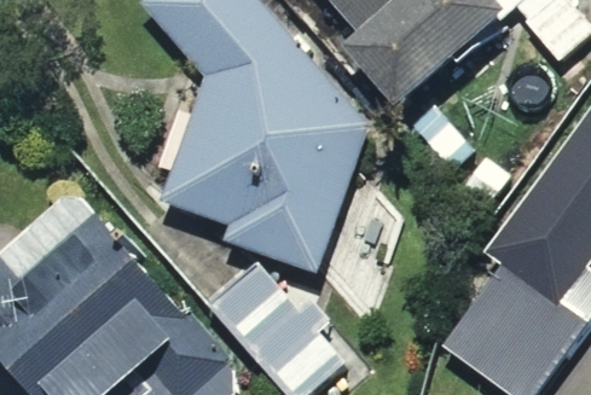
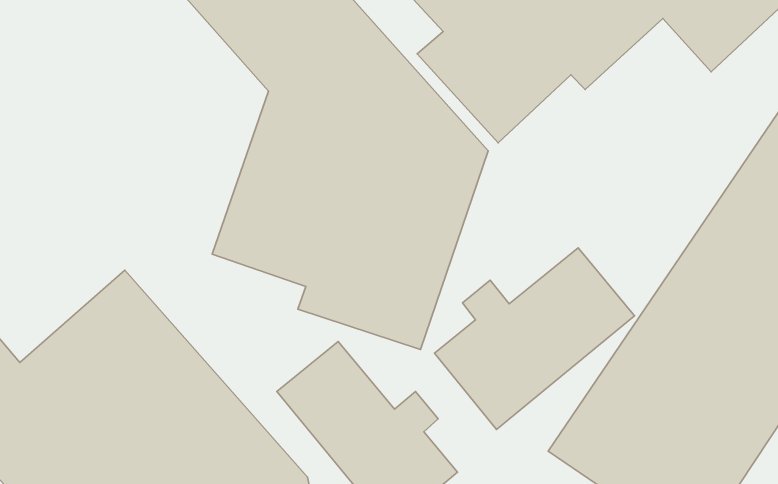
building: none -> [434,248,634,429]

